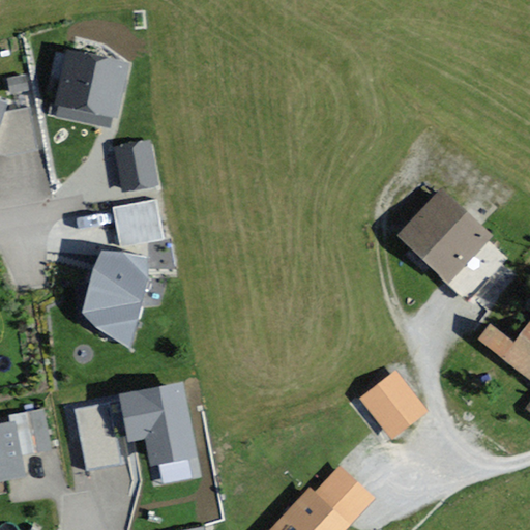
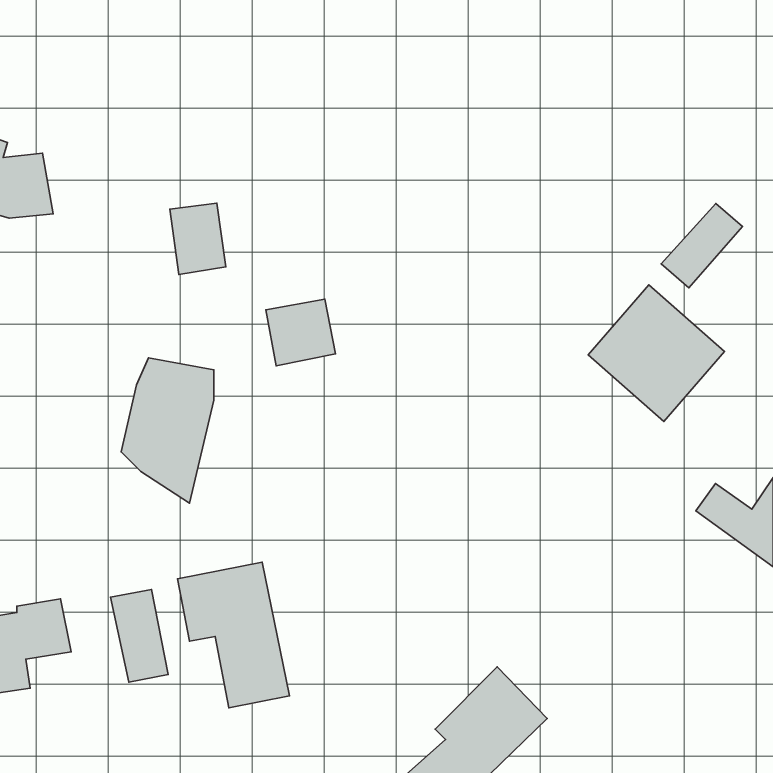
building: [55,48,125,125] -> none
building: none -> [661,203,743,288]
building: [114,200,161,245] -> [266,299,335,366]
building: [361,372,423,435] -> none

